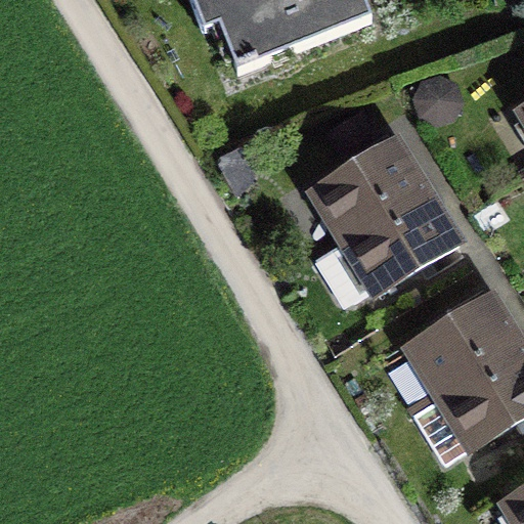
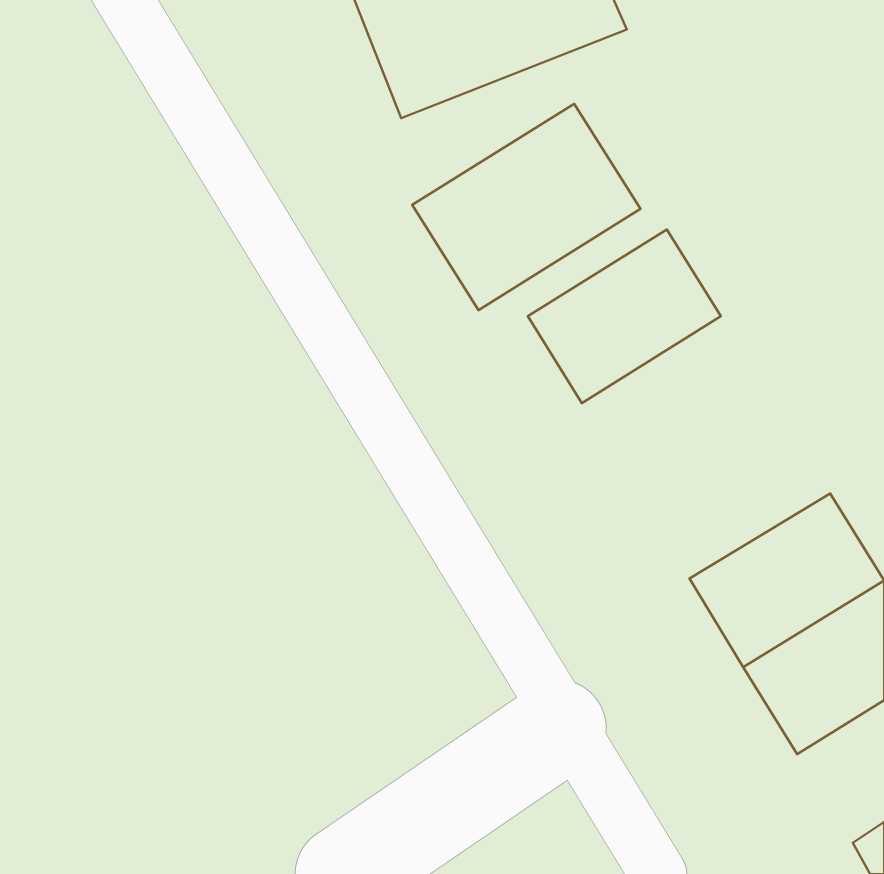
building: none -> [412,104,640,310]
building: [318,186,457,296] -> none

